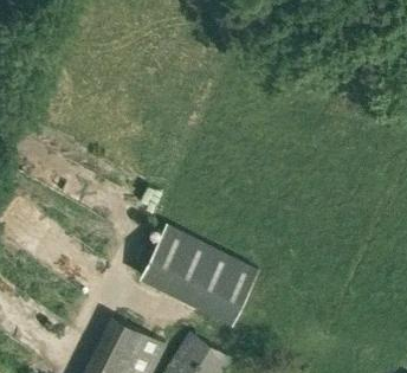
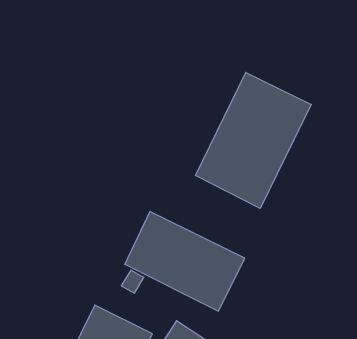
building: none -> [196,72,311,208]

